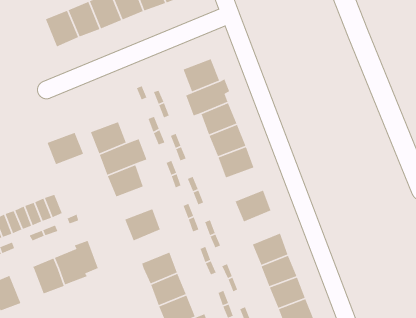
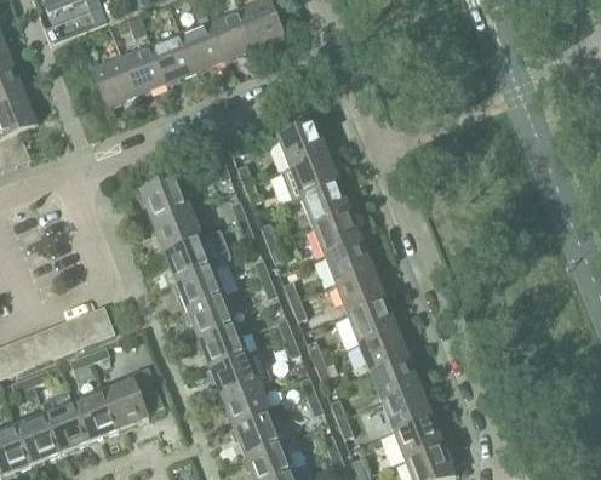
building: [46,132,84,165] -> [141,176,191,221]
building: none -> [336,269,387,314]
building: none -> [188,295,237,338]
building: none -> [360,327,410,372]
building: none -> [211,348,273,398]
building: none -> [45,402,90,452]

